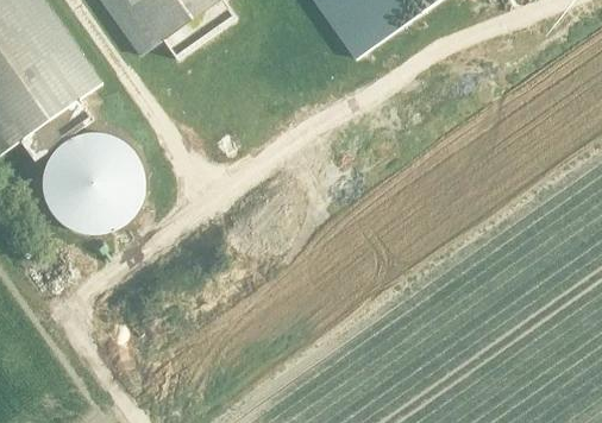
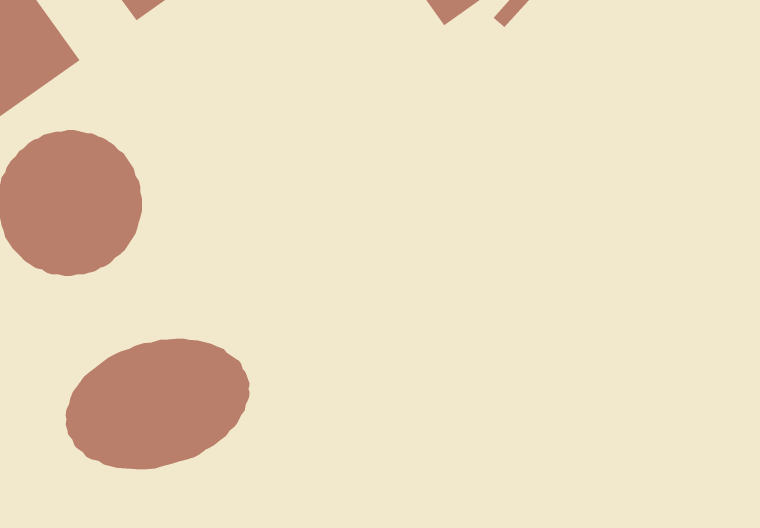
building: none -> [65,338,250,470]

